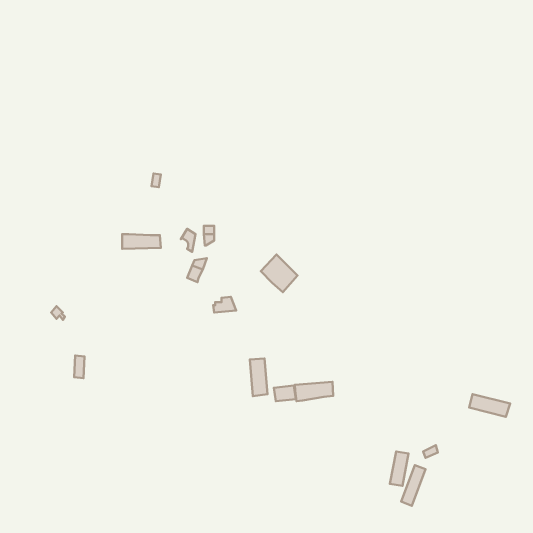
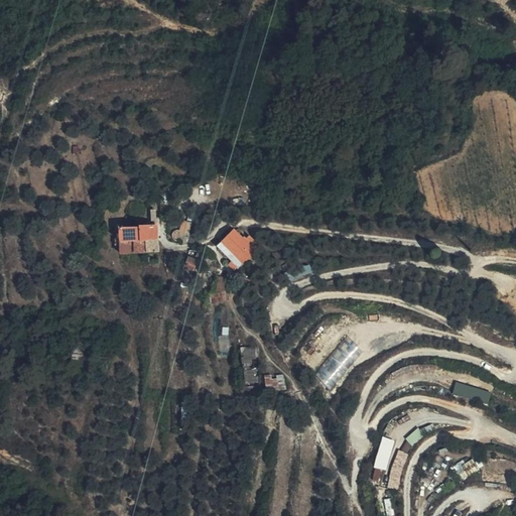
building: none -> [113,235,155,253]
building: [261,255,297,292] -> [217,230,252,266]
building: [295,382,333,401] -> none

